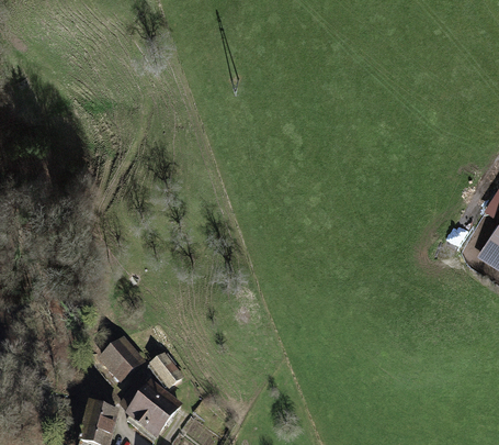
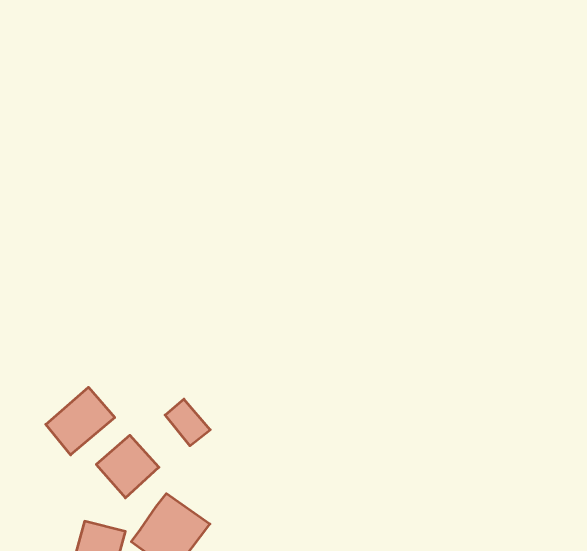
building: none -> [46,387,115,455]
building: [150,353,184,388] -> [165,399,210,446]

